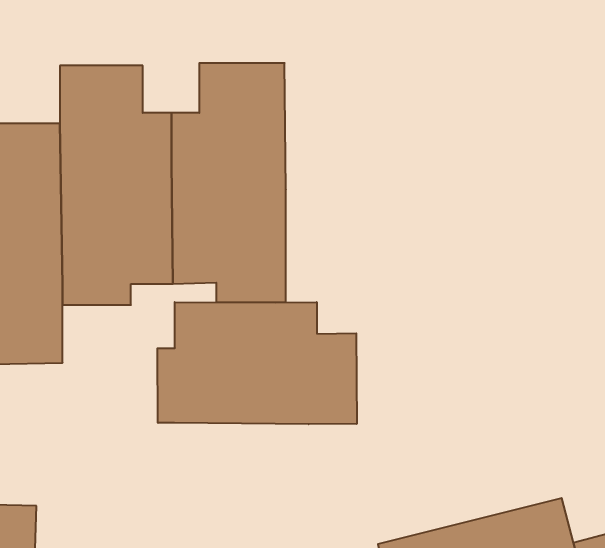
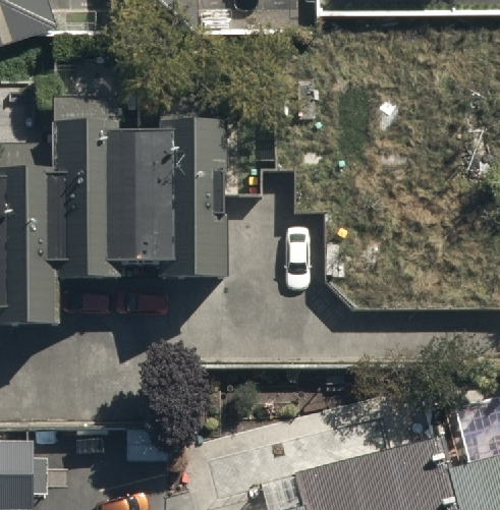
building: [157,302,357,424] -> none

